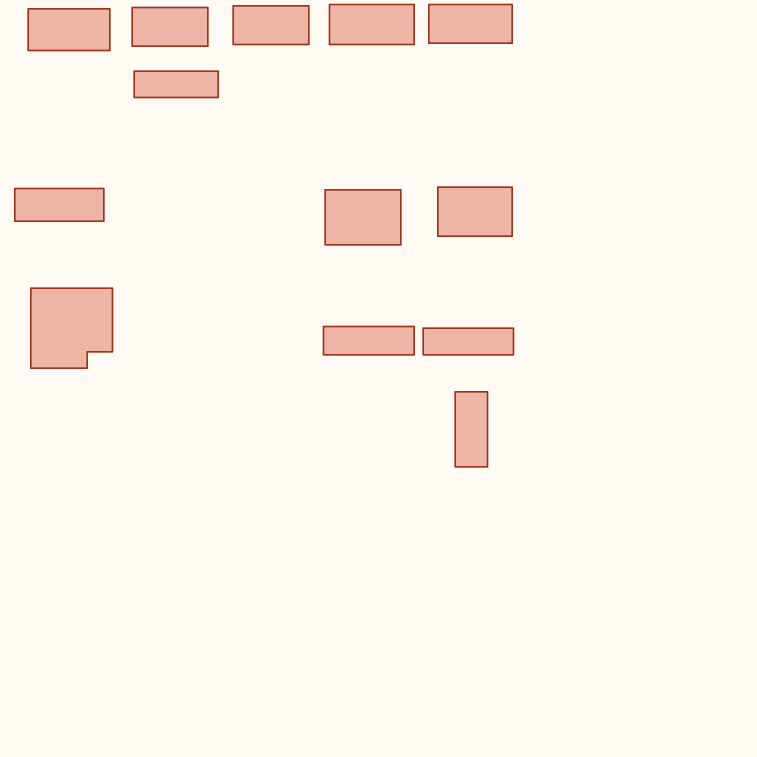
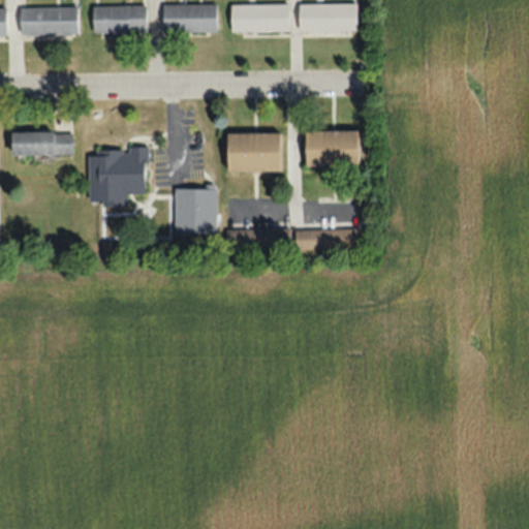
building: [134,71,218,97] -> none
building: none -> [175,189,216,235]
building: [31,288,112,368] -> [89,150,146,206]
building: [455,392,487,467] -> none

